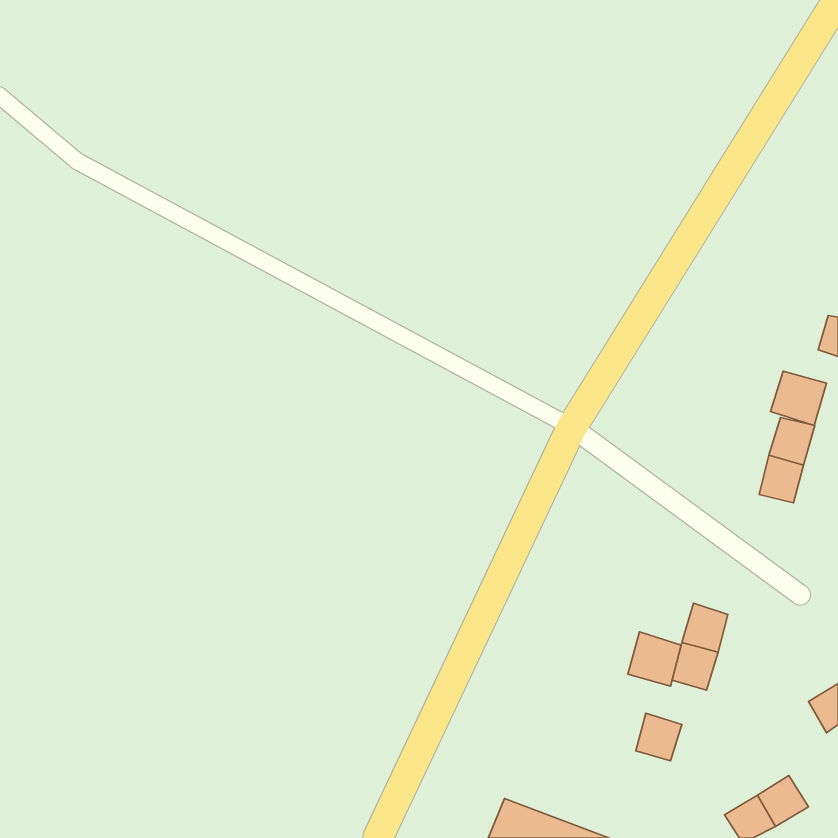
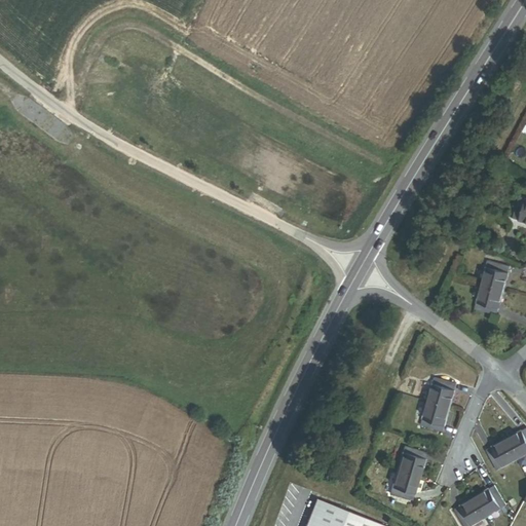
building: [770,371,827,425] -> none
building: [628,632,681,686] -> none
building: none -> [485,439,517,469]
building: none -> [390,469,419,500]

